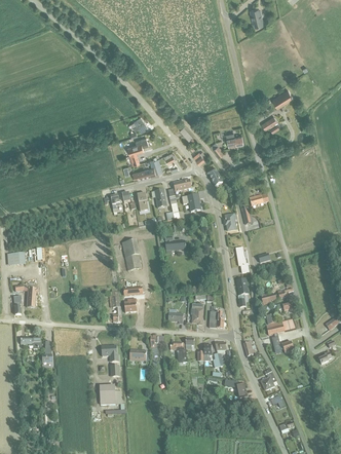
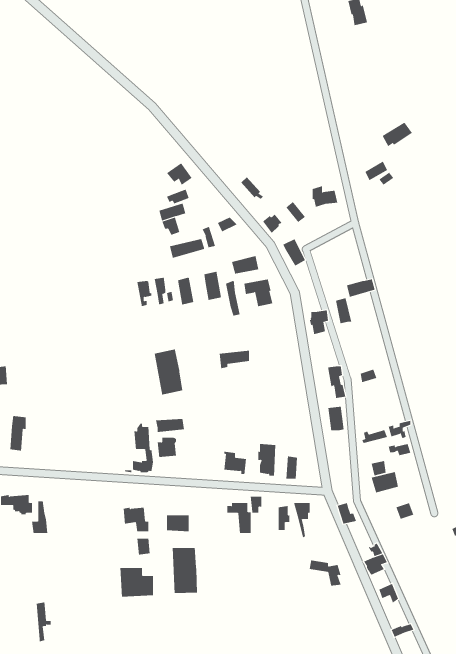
building: none -> [172,547,197,594]

